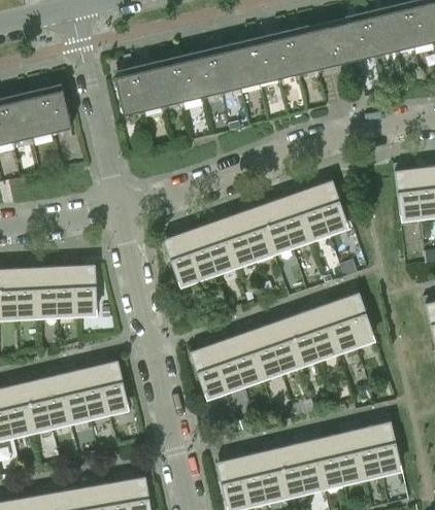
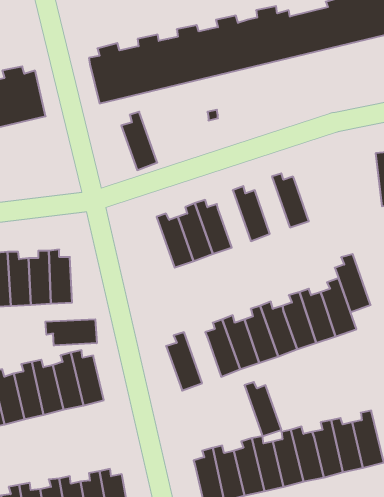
building: [313,177,348,234] -> [335,254,371,312]
building: [276,191,310,246] -> none
building: [239,204,272,260] -> none
building: [163,230,198,286] -> [121,112,157,170]
building: none -> [45,319,97,346]
building: [207,339,243,392] -> [244,382,281,436]

